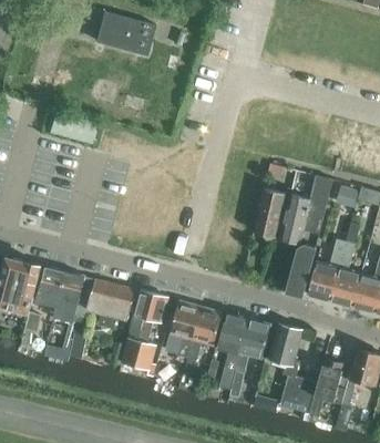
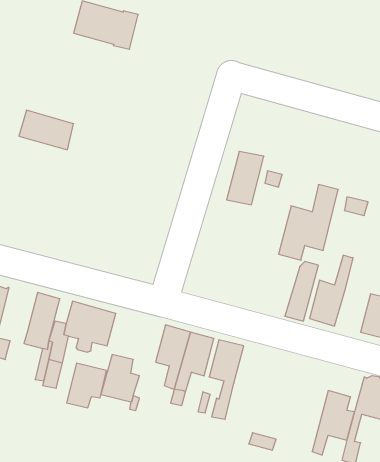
building: [253,188,286,236] -> [227,151,264,205]
building: [329,223,361,307] -> none
building: [37,267,64,306] -> none
building: [131,291,166,331] -> [67,363,106,408]
building: [229,319,269,395] -> none
building: [269,323,317,413] -> none

